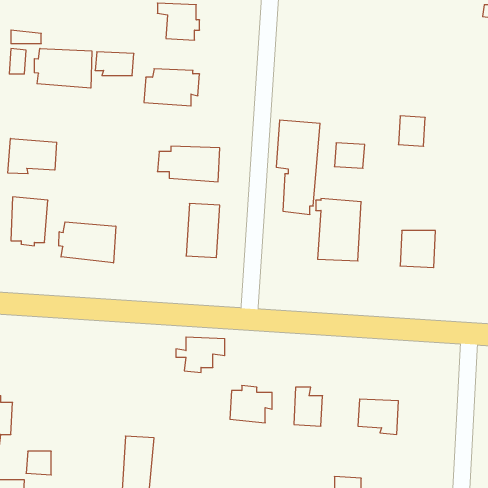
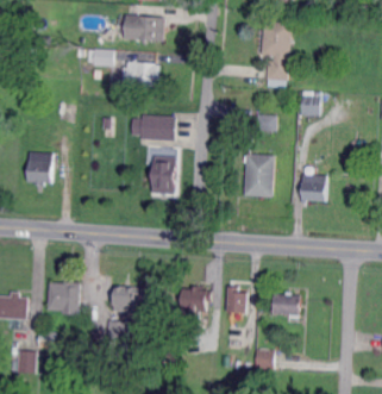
building: [34,48,92,88] -> none
building: [276,120,320,214] -> [261,20,292,87]
building: [8,138,57,174] -> none
building: [59,222,116,263] -> none
building: [176,337,225,372] -> [107,286,142,311]
building: none -> [46,281,80,314]

